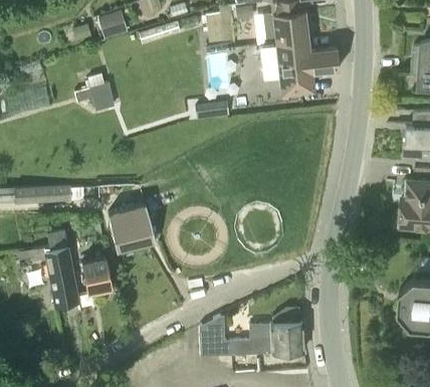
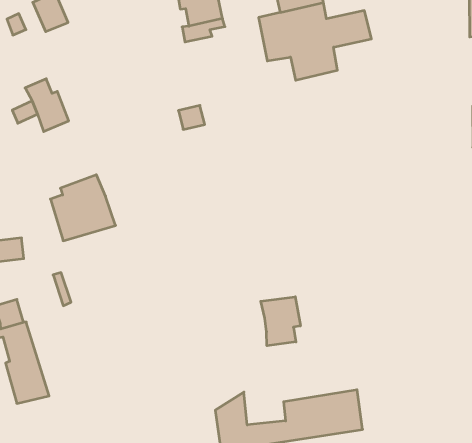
building: [111,204,156,249] -> [50,175,116,241]
building: none -> [261,297,300,346]
building: [82,257,113,295] -> none

